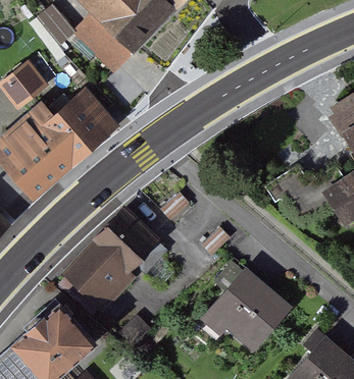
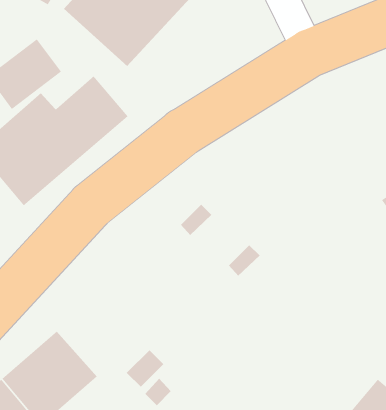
building: [64,213,161,309] -> none
building: [204,272,289,350] -> none

